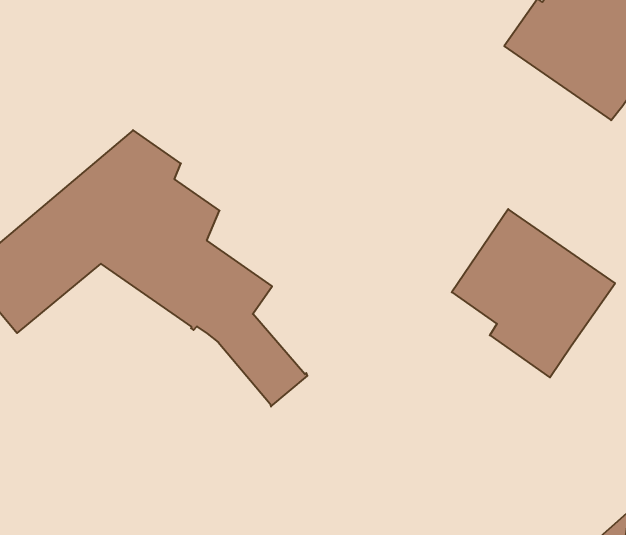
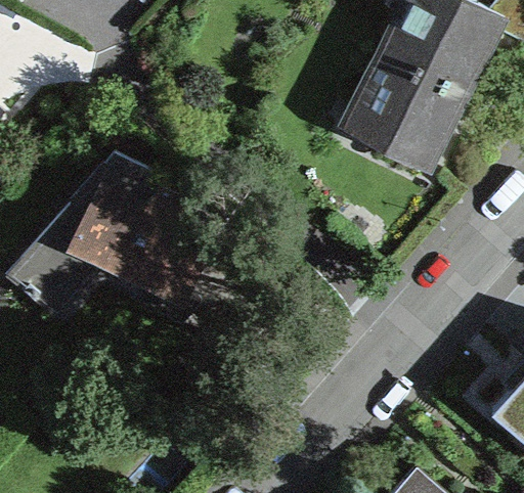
building: [452,209,615,377] -> [345,51,465,171]

